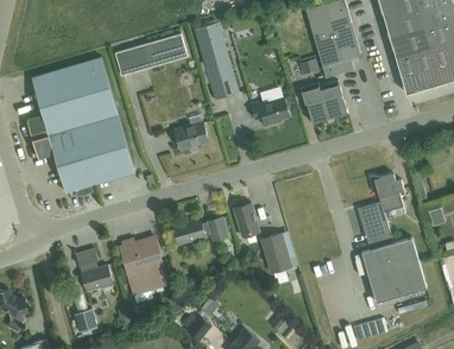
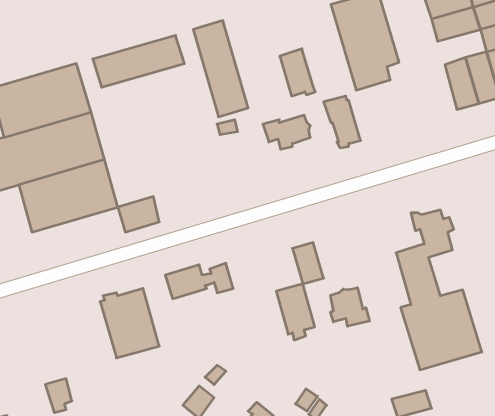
building: [391,30,430,58] -> none
building: [320,81,348,119] -> [280,49,315,96]
building: [175,122,208,151] -> [118,197,159,232]
building: [234,204,259,237] -> [292,243,324,284]
building: none -> [330,288,370,326]
building: [76,249,113,292] -> none

